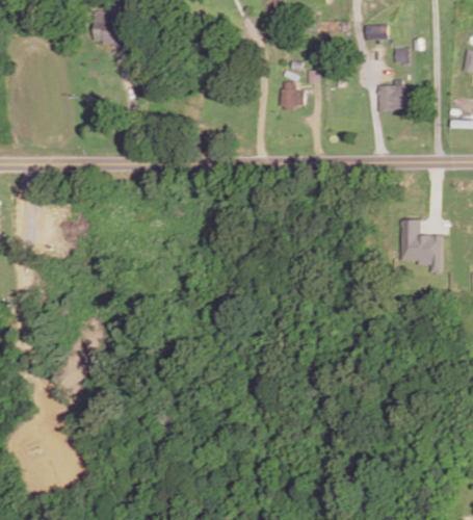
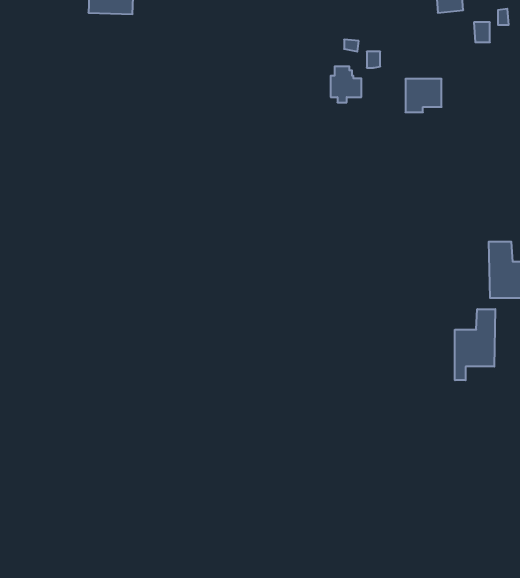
building: [374,85,402,111] -> [405,79,442,112]
building: none -> [455,309,495,380]

